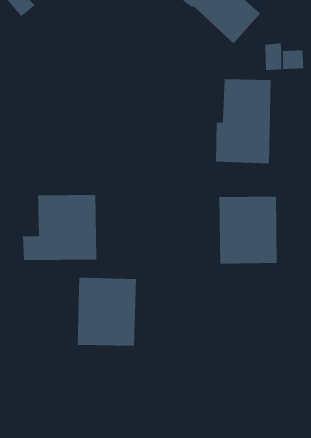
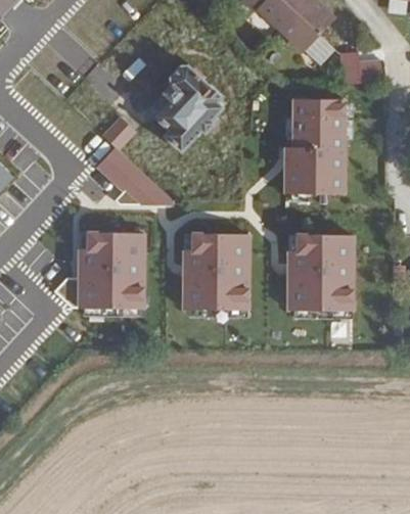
building: none -> [156,68,223,155]
building: none -> [94,113,172,219]
building: [77,277,137,346] -> [181,230,250,311]

